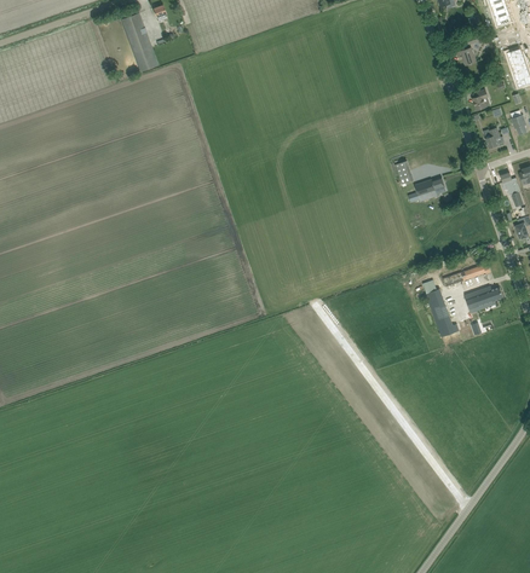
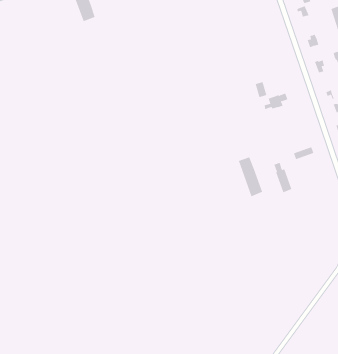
building: none -> [238,157,263,197]
building: [463,286,502,312] -> none

